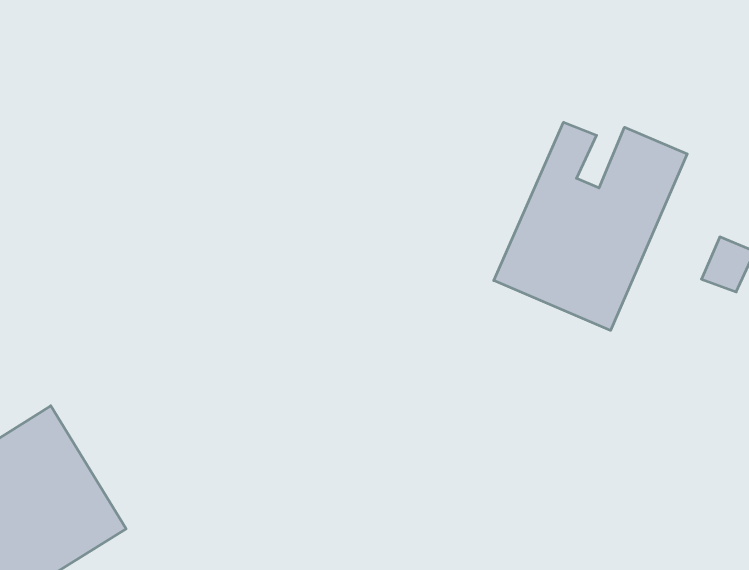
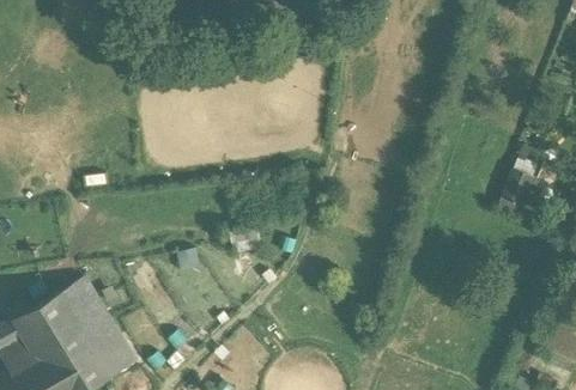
building: [494,122,687,330] -> none

